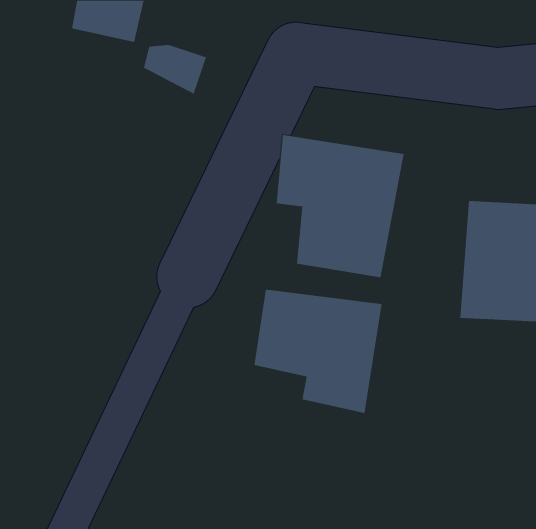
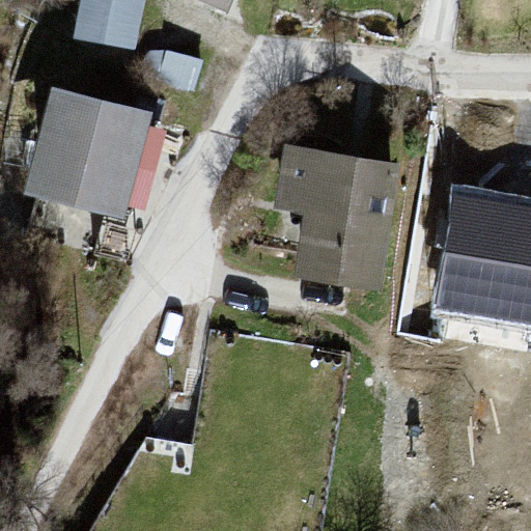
building: none -> [17,80,157,223]
building: [254,289,382,414] -> none

